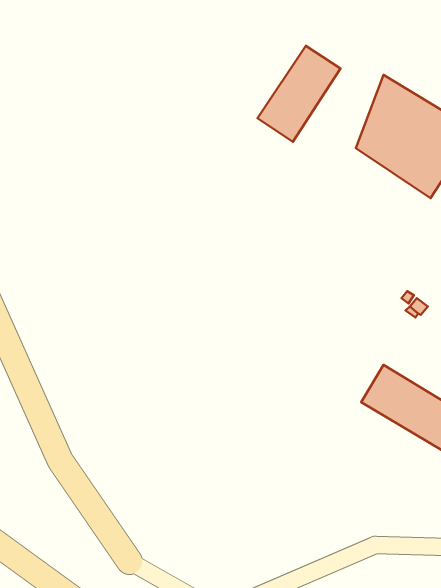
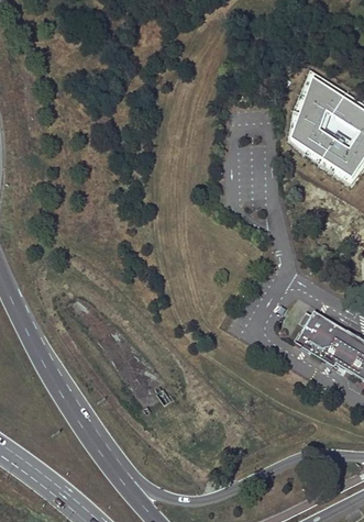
building: [257,46,340,142] -> none

